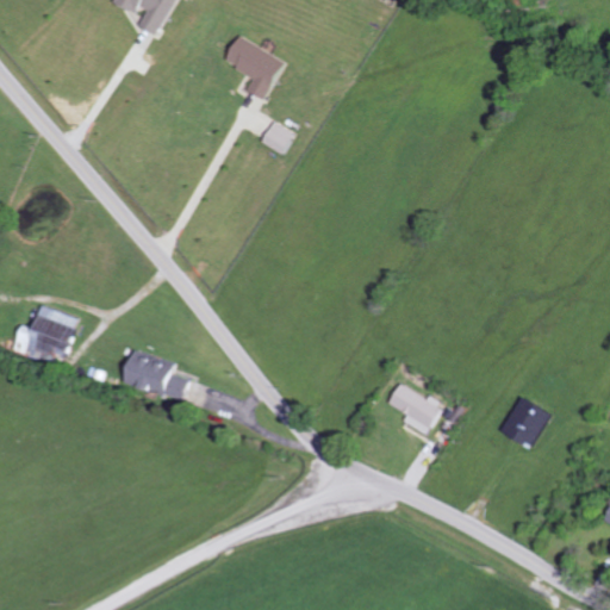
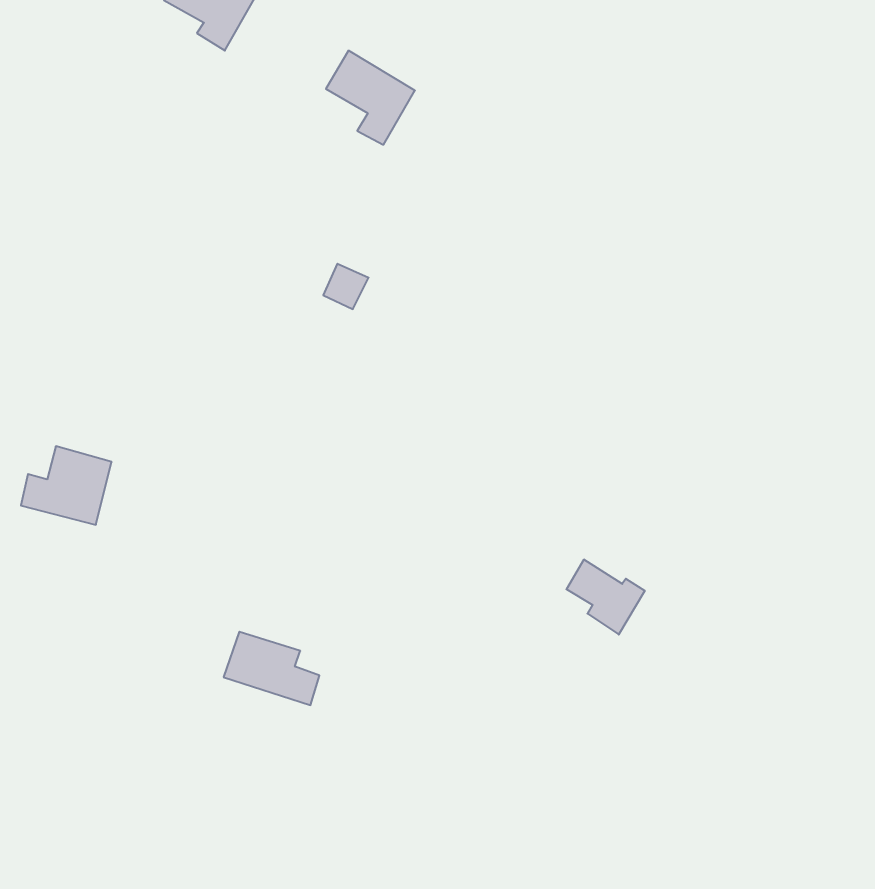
building: [261,122,292,152] -> [323,264,369,309]
building: [122,350,187,400] -> [224,632,319,705]
building: [503,396,549,447] -> none

